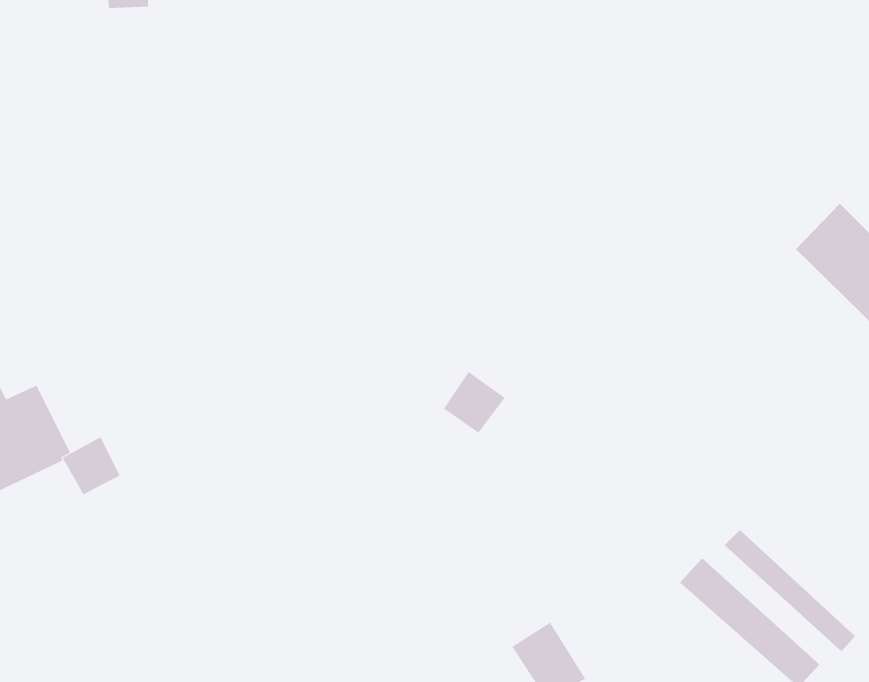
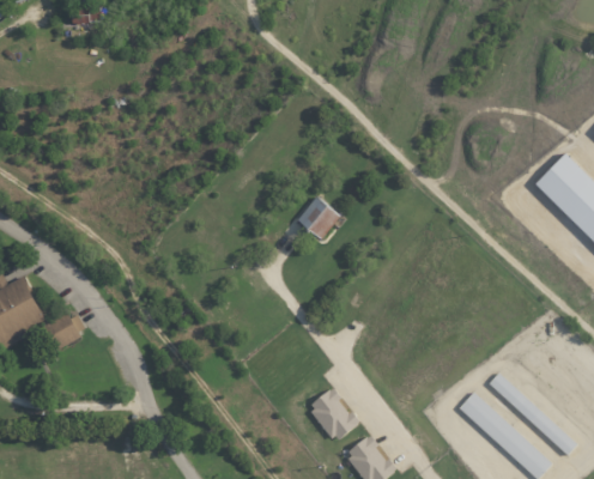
building: [443,371,506,434] -> [299,195,341,237]
building: none -> [309,387,362,442]

